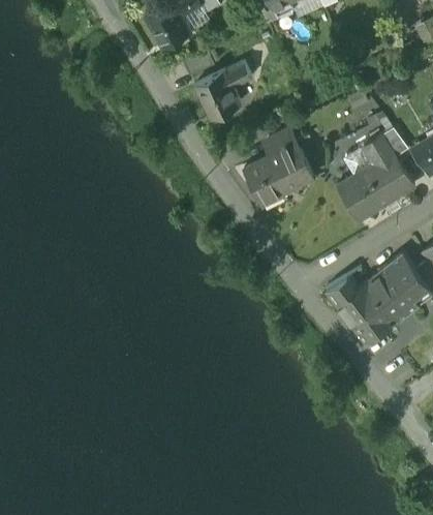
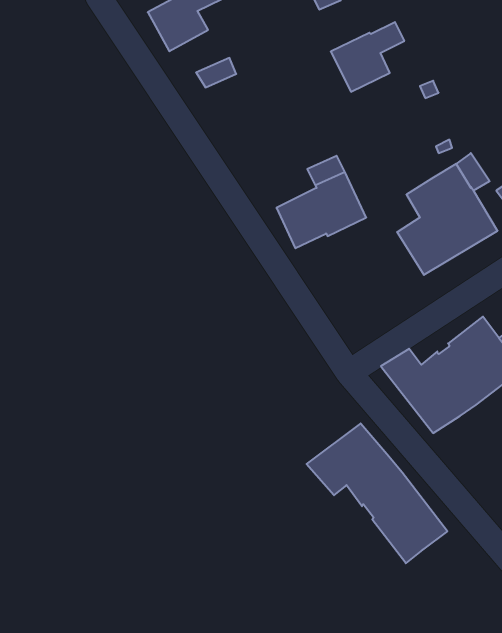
building: [195,64,252,118] -> [331,22,404,92]
building: none -> [307,423,447,563]

